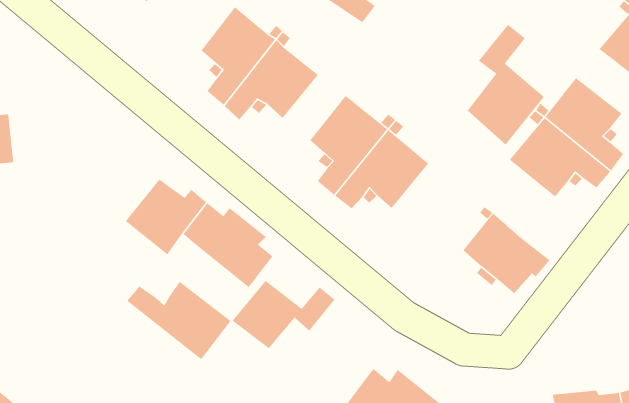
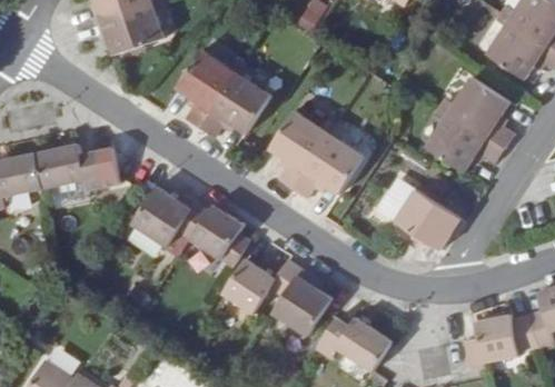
building: [467,24,545,145] -> none
building: none -> [33,140,102,187]
building: [126,281,231,360] -> none
building: none -> [272,268,331,334]

